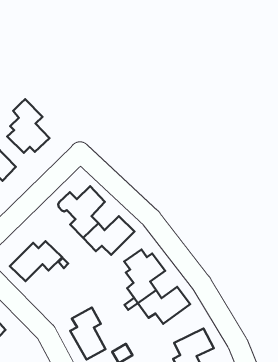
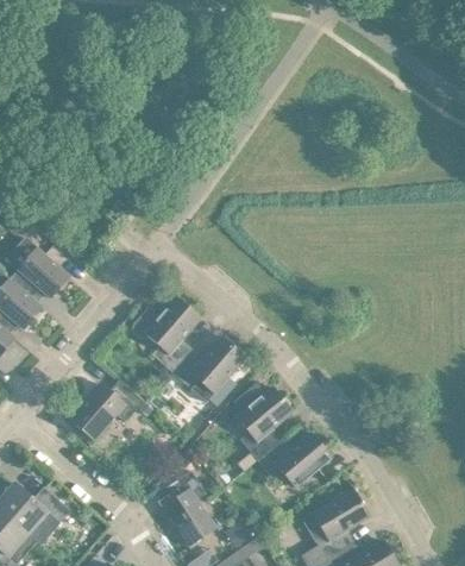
building: [7,99,50,153] -> none

